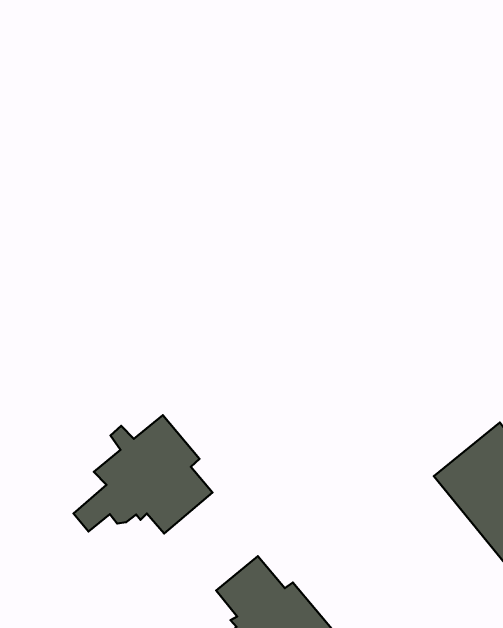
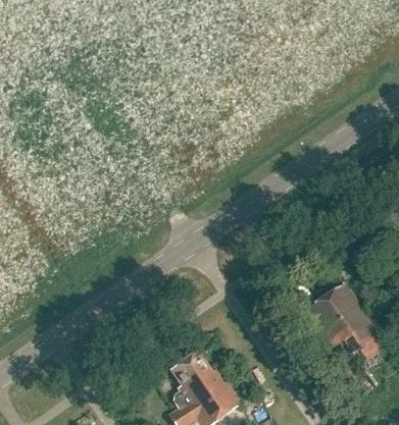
building: [74,415,213,534] -> none

